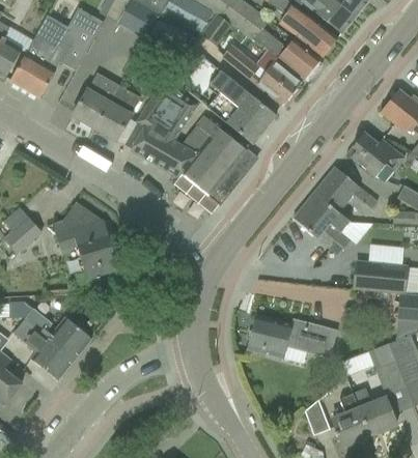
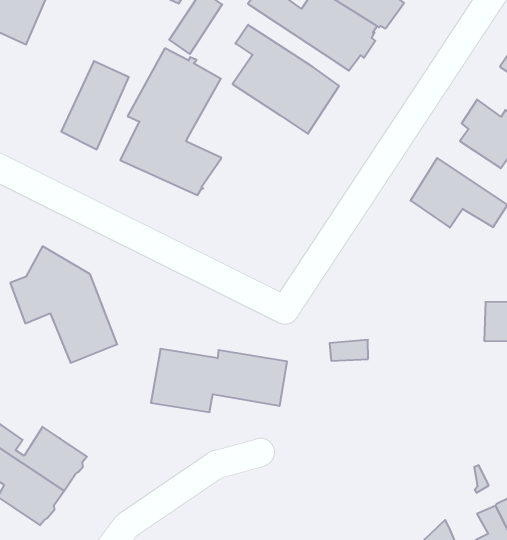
building: [72,73,118,128] -> none
building: [173,115,256,203] -> none
building: [291,193,351,255] -> none
building: [246,315,336,359] -> [151,349,287,412]

